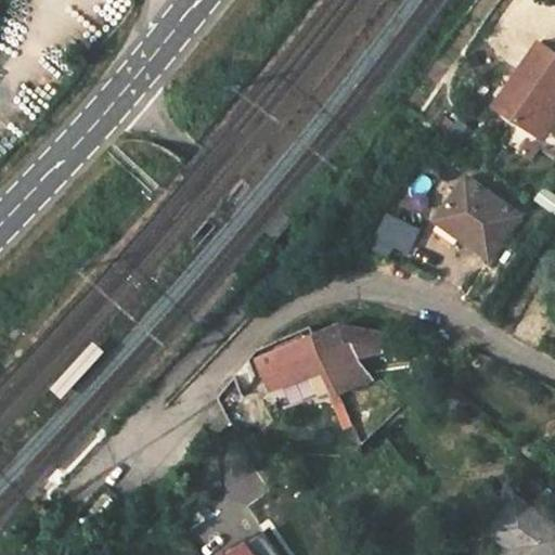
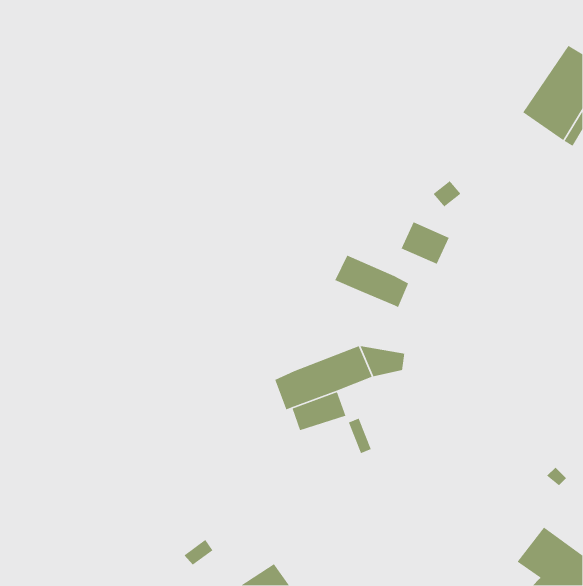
building: [435,178,517,258] -> none
building: none -> [334,254,409,308]
building: [319,357,367,396] -> none

